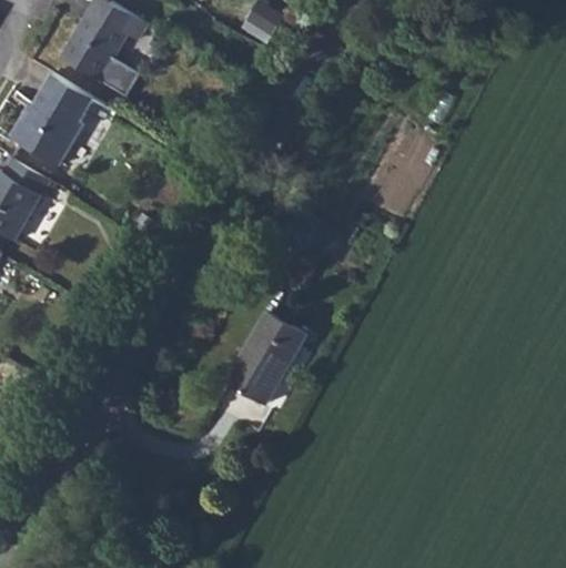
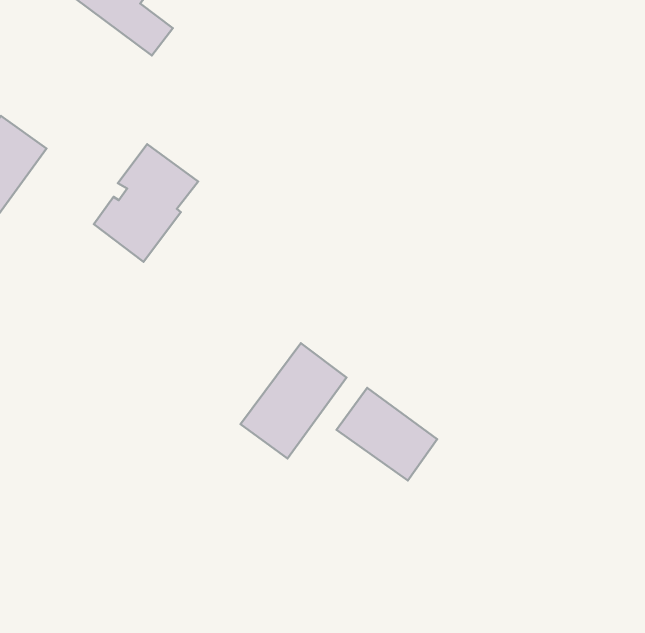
building: [14,73,93,166] -> [94,144,198,262]
building: none -> [337,388,437,481]

